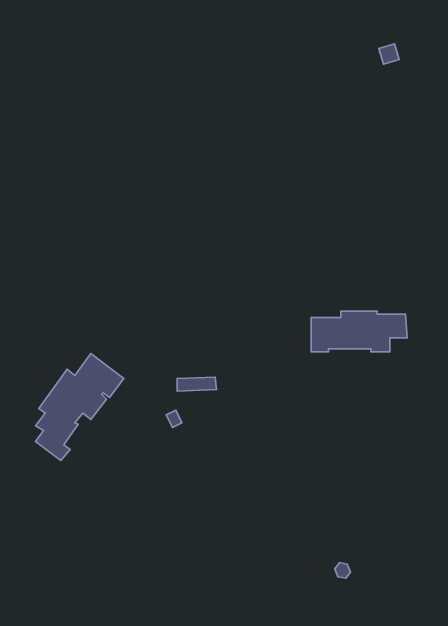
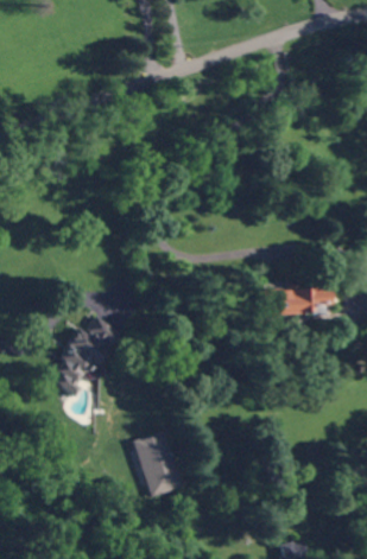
building: none -> [133,431,182,496]

